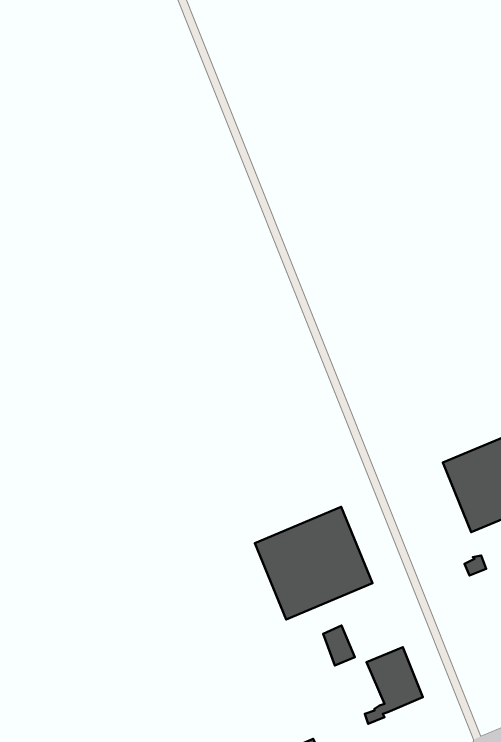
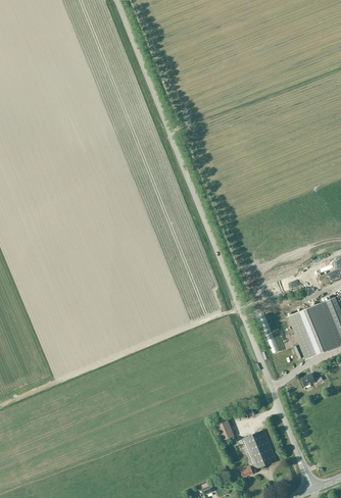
building: [255,507,373,620] -> none

